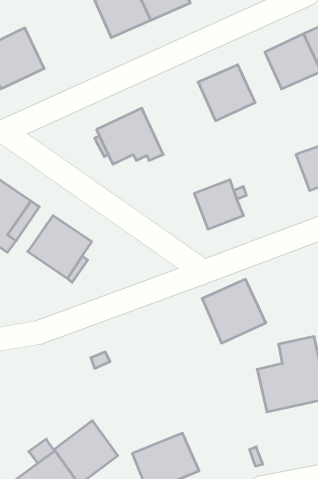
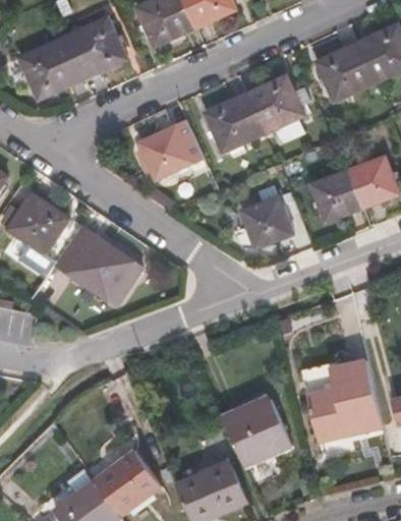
building: none -> [62,16,126,78]
building: none -> [203,93,263,152]
building: none -> [310,169,361,221]
building: [202,279,266,343] -> [223,399,290,466]

